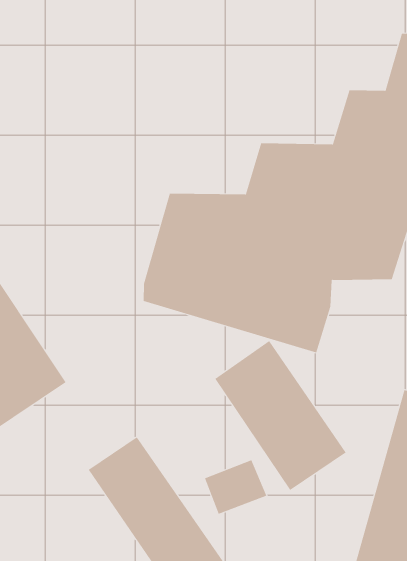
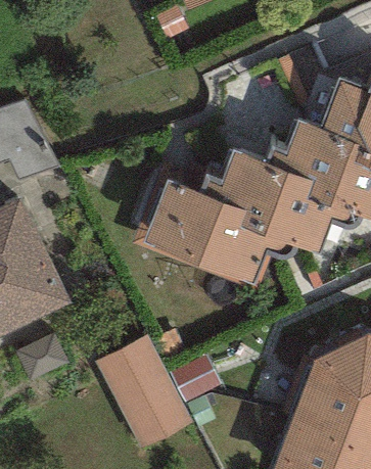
building: [214,340,346,491] -> none

